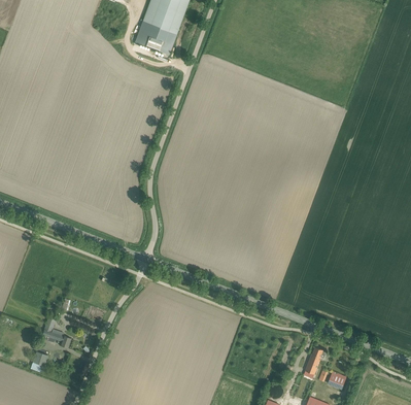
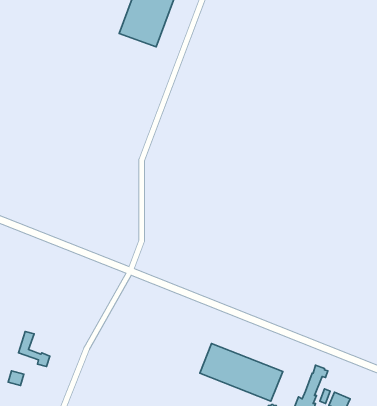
building: none -> [200,343,283,401]

